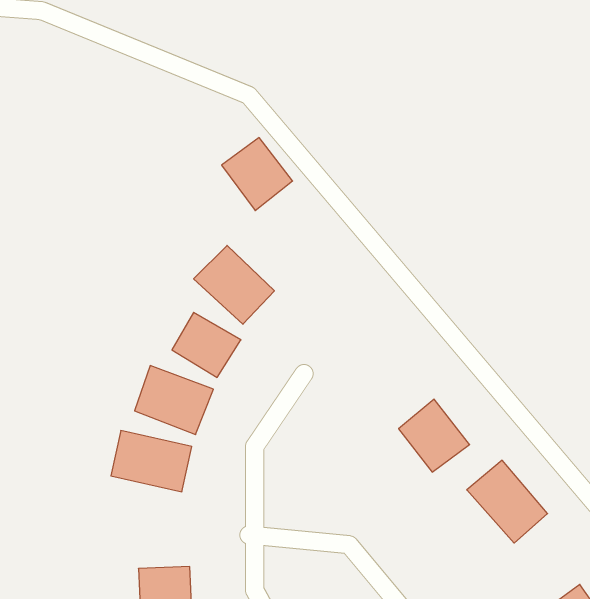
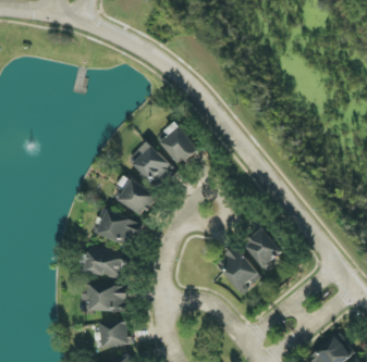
building: [222,138,293,211] -> [160,126,199,166]
building: [467,460,548,543] -> [216,246,260,291]
building: none -> [81,286,127,312]

